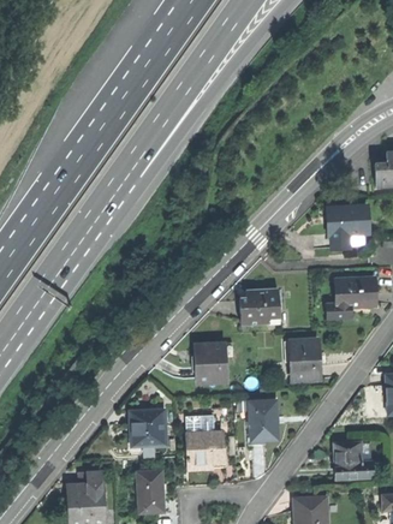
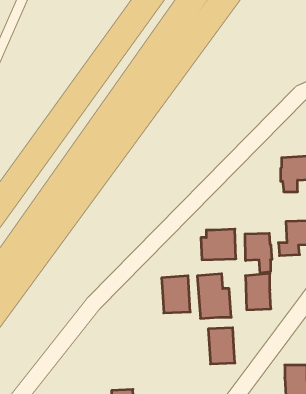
building: none -> [245,233,272,273]
building: [130,409,159,446] -> none
building: [185,413,224,464] -> [197,274,231,318]

